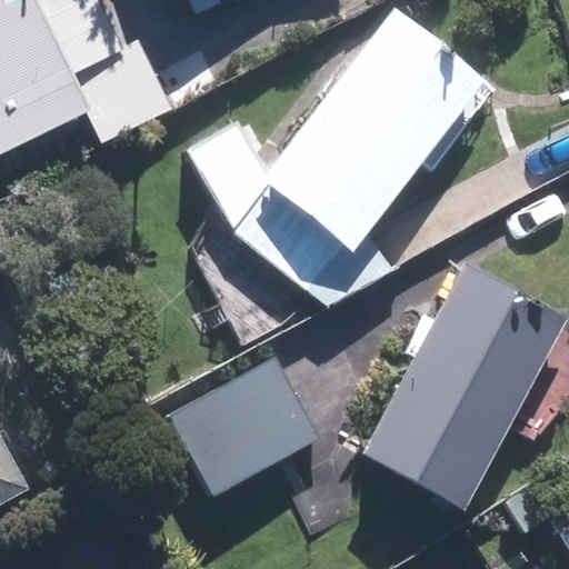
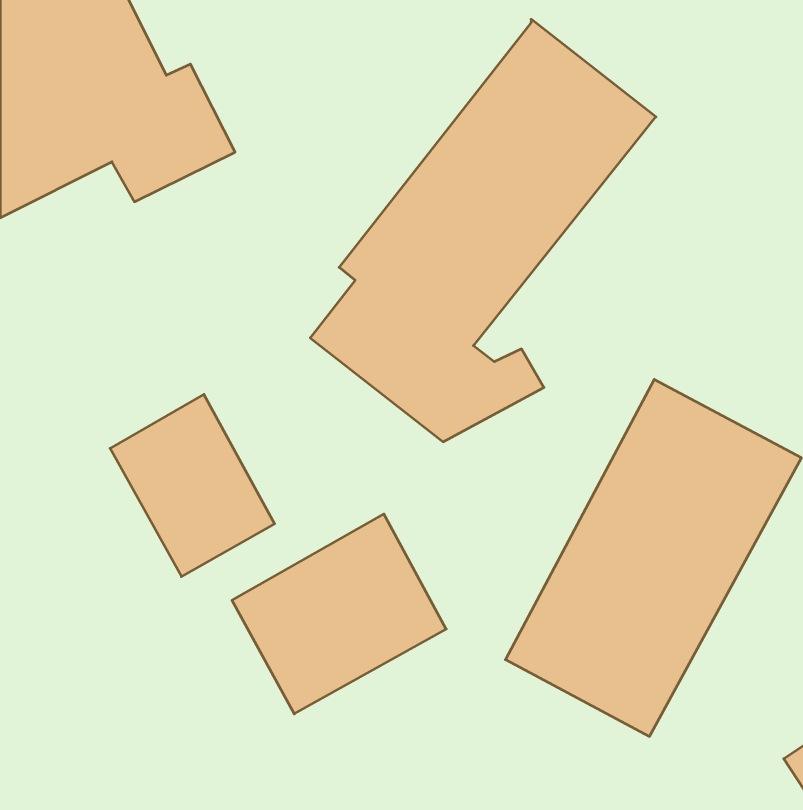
building: none -> [110,394,275,577]

